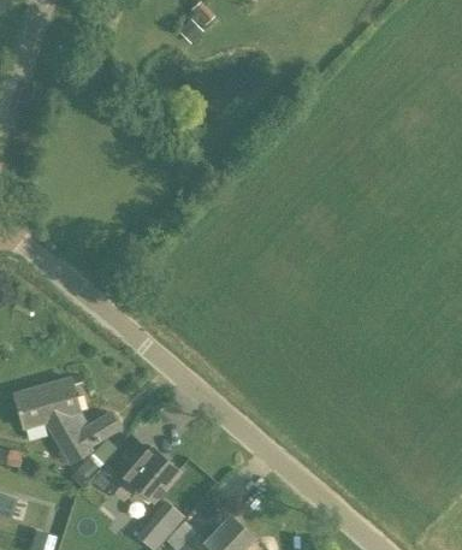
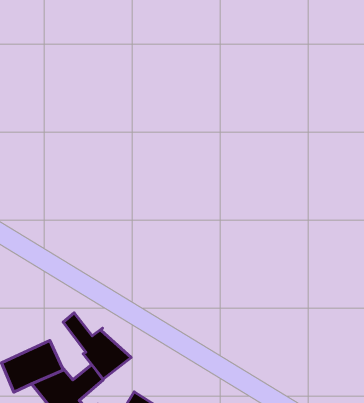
building: none -> [63,313,131,379]

